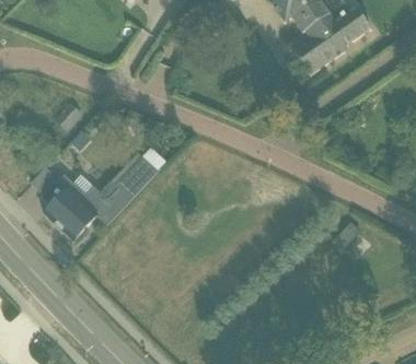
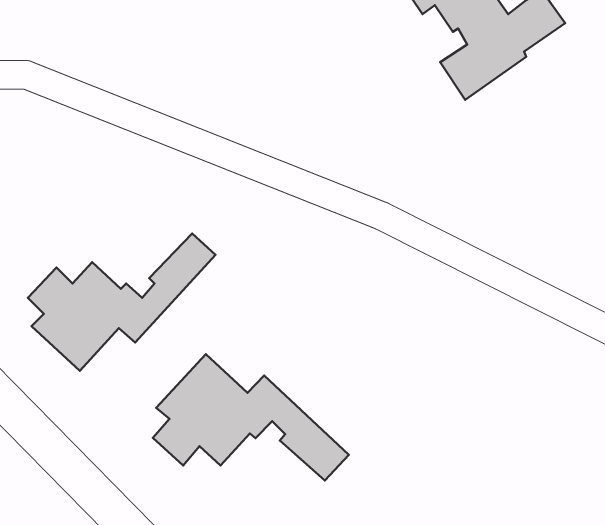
building: none -> [153,354,349,481]

